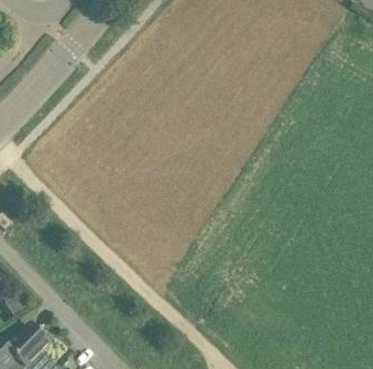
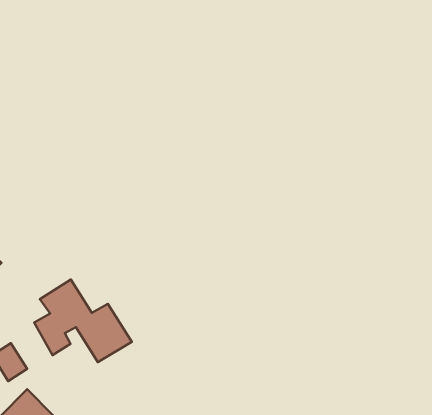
building: none -> [34,280,132,362]

